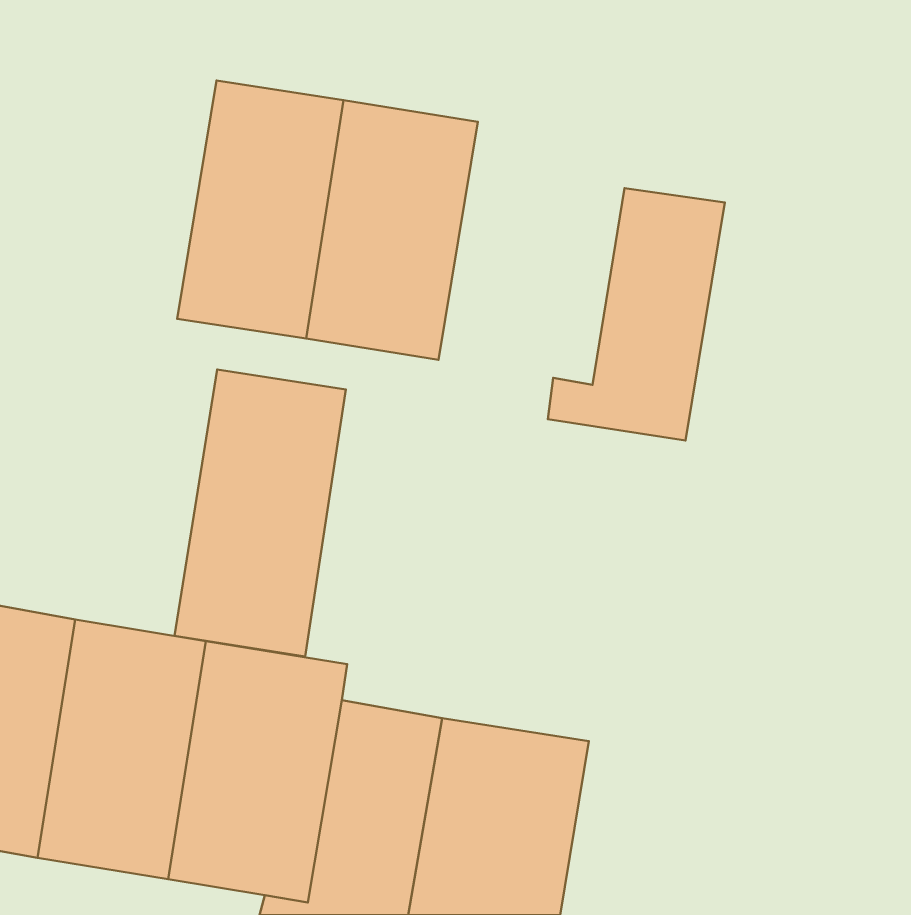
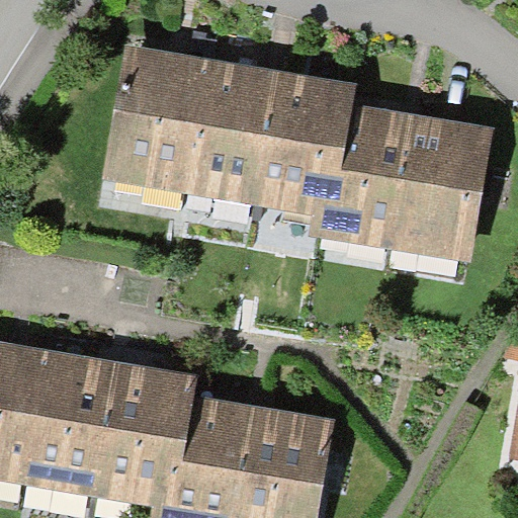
building: none -> [248,69,356,218]
building: none -> [387,114,493,263]
building: [175,370,346,657] -> none

